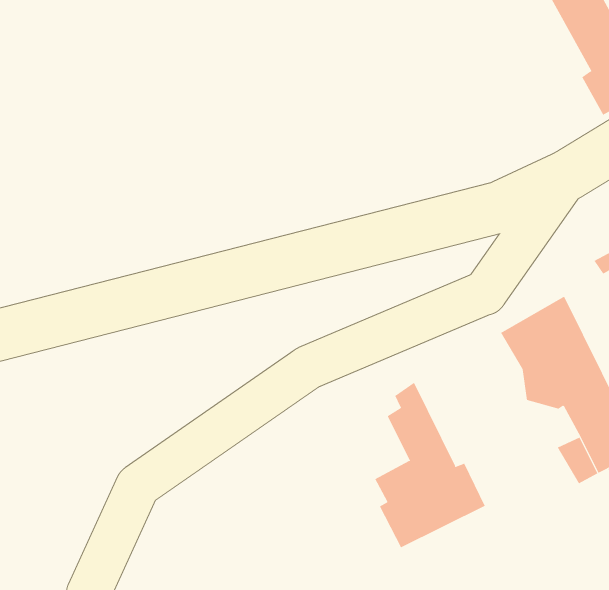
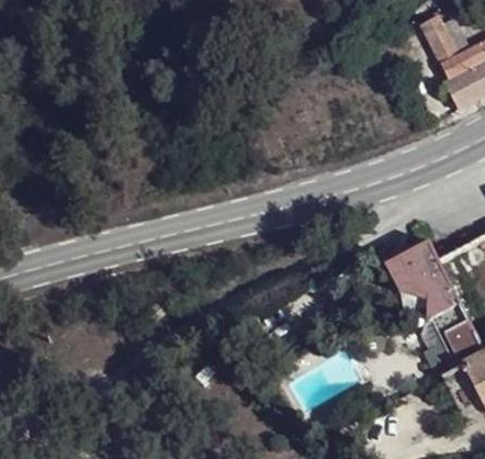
building: [374,382,485,548] -> none

